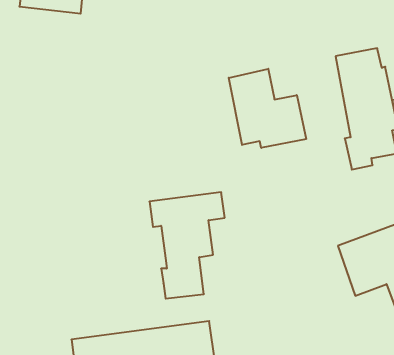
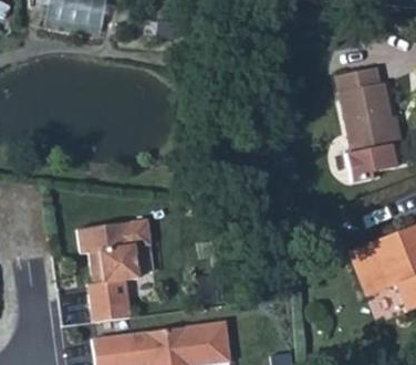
building: [229,69,306,148] -> none
building: [149,192,225,299] -> [75,222,147,324]

